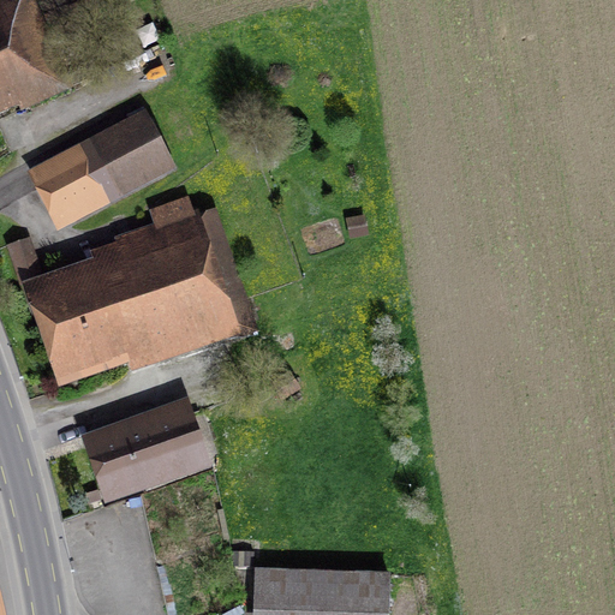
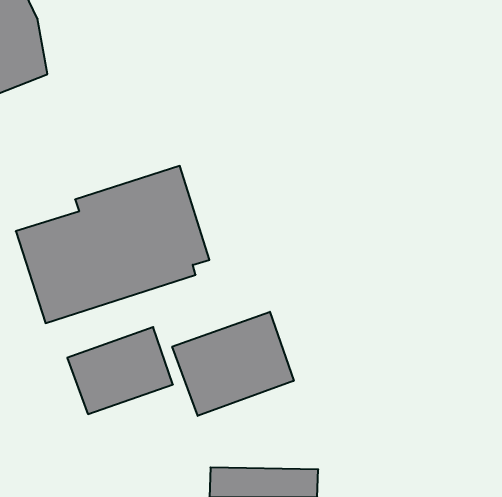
building: [26,113,173,228] -> none
building: none -> [172,312,294,416]

